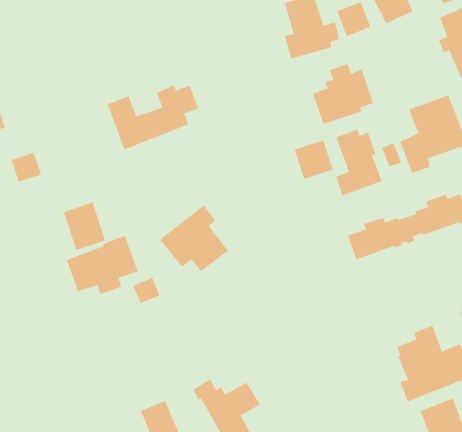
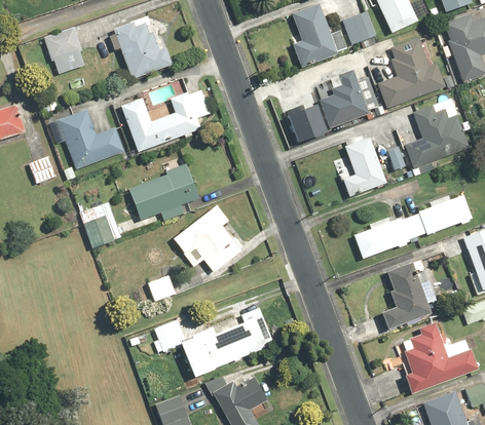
building: none -> [108,13,172,78]
building: none -> [44,28,83,74]
building: none -> [377,39,455,108]
building: none -> [49,109,123,169]
building: [294,140,334,179] -> [286,103,324,141]
building: [66,235,138,295] -> [129,164,199,222]
building: none -> [380,263,431,330]
building: none -> [154,307,274,376]

